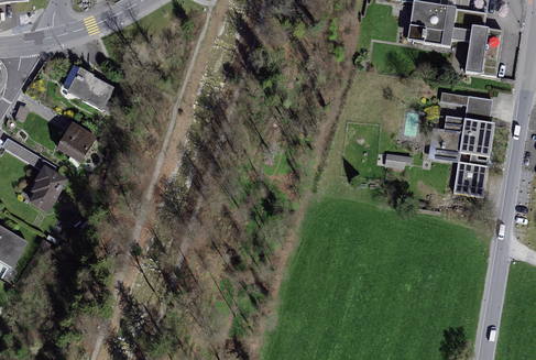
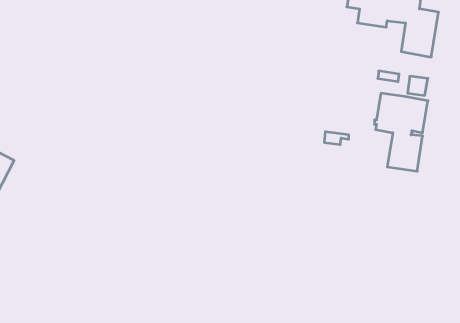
building: [64,69,113,111] -> none
building: [56,122,97,163] -> none

